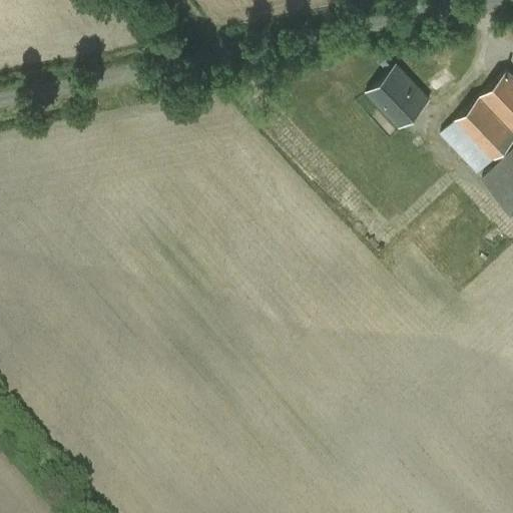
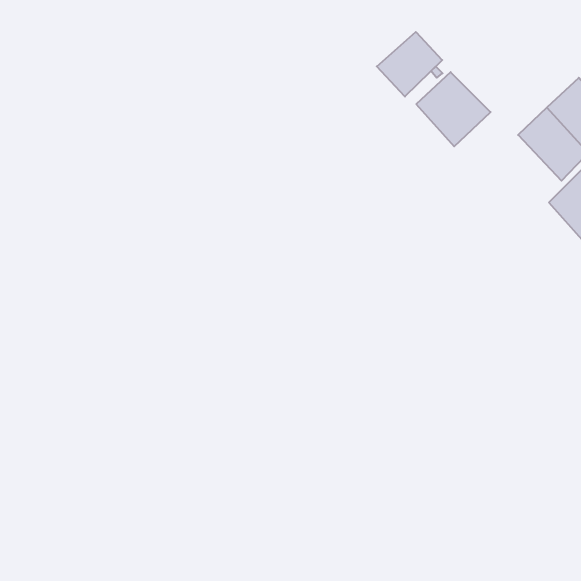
building: none -> [377,32,442,97]
building: [442,121,495,175] -> none

